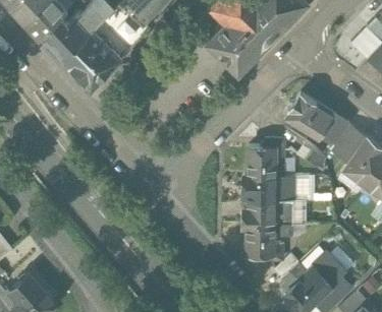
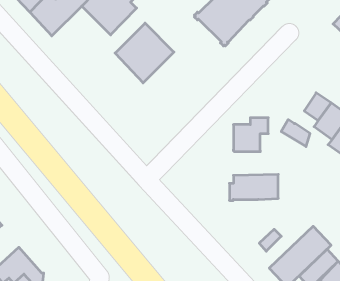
building: [63,29,123,90] -> [115,23,174,83]
building: [287,98,333,139] -> none
building: [244,177,294,202] -> none
building: [249,227,282,261] -> none

